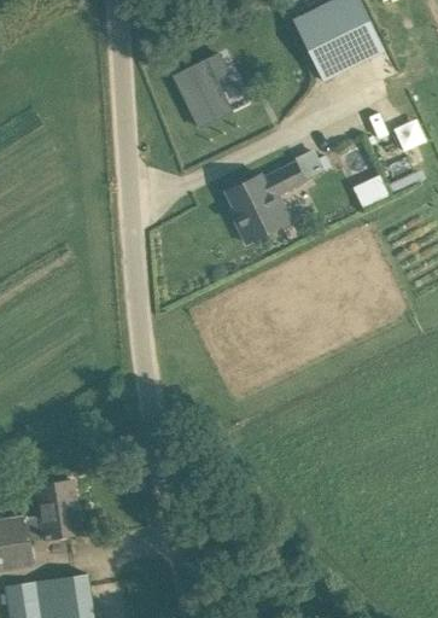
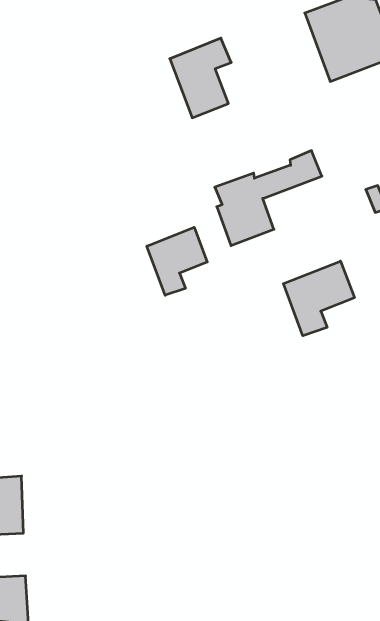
building: none -> [147,227,207,295]
building: none -> [283,261,354,336]

